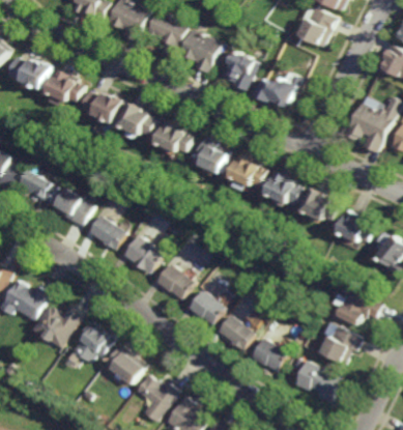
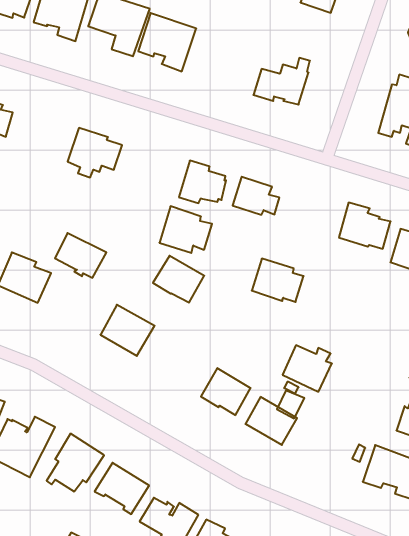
building: [221,51,259,91] -> none
building: [80,91,123,125] -> none
building: [154,120,194,155] -> [159,206,212,253]
building: [265,168,304,202] -> [252,259,304,302]
building: [88,217,125,251] -> [55,233,106,278]
building: [156,262,194,297] -> [153,256,204,303]
building: [252,336,288,371] -> [283,345,332,392]

